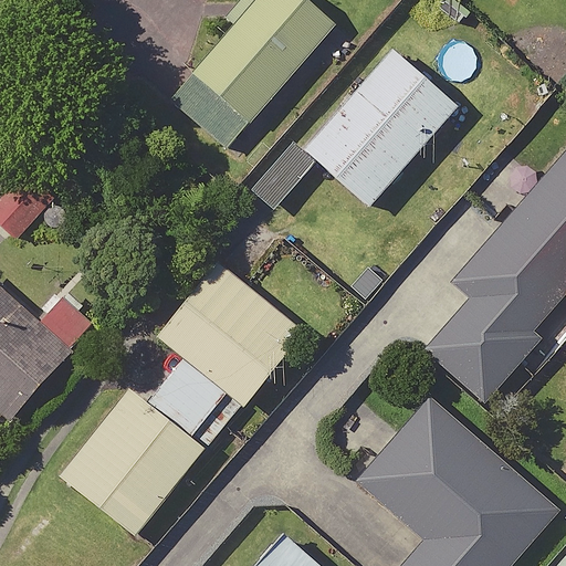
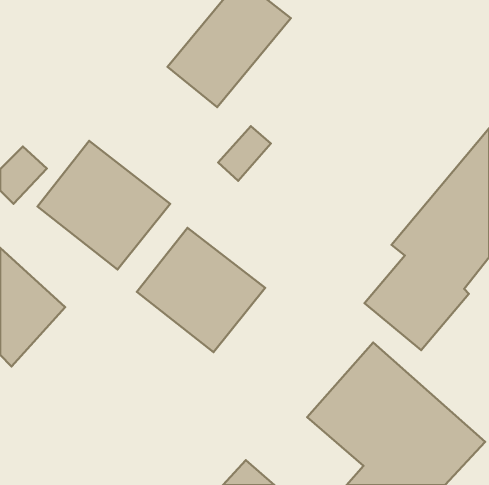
building: [304,50,461,209] -> none
building: none -> [37,141,170,269]
building: [60,388,206,536] -> none

